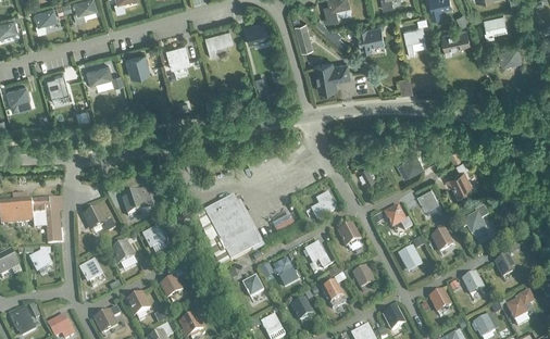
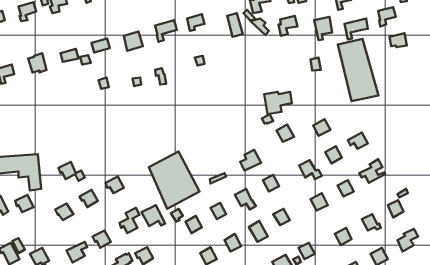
building: none -> [338,39,379,101]
building: [314,64,349,92] -> [264,92,292,114]
building: [122,187,154,214] -> none
building: none -> [142,205,165,226]

